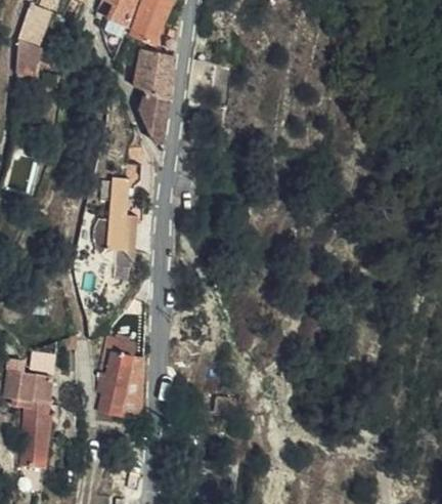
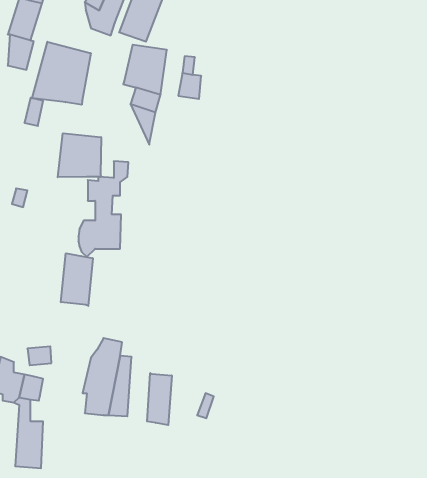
building: none -> [32,42,91,105]
building: none -> [58,133,101,177]
building: none -> [61,253,93,306]
building: none -> [147,373,172,425]

